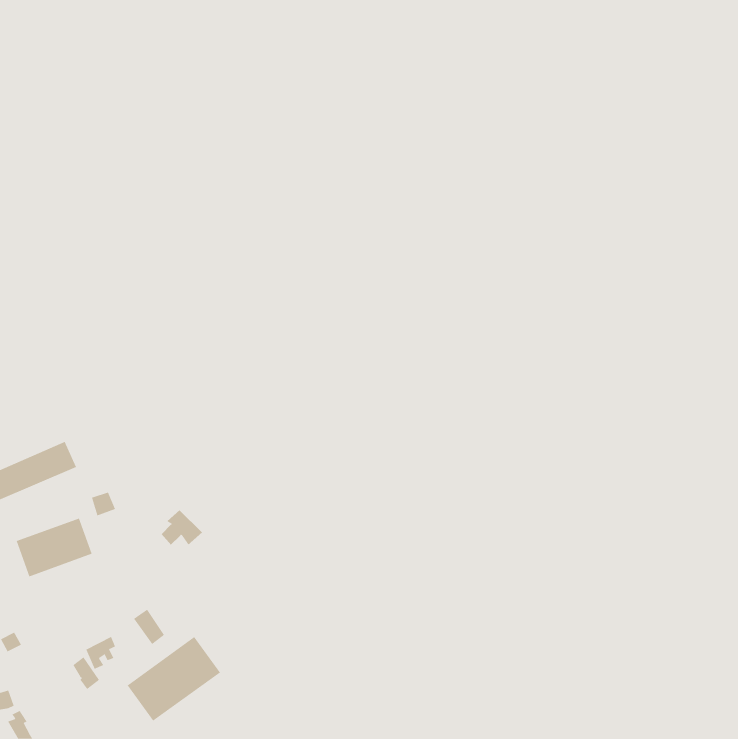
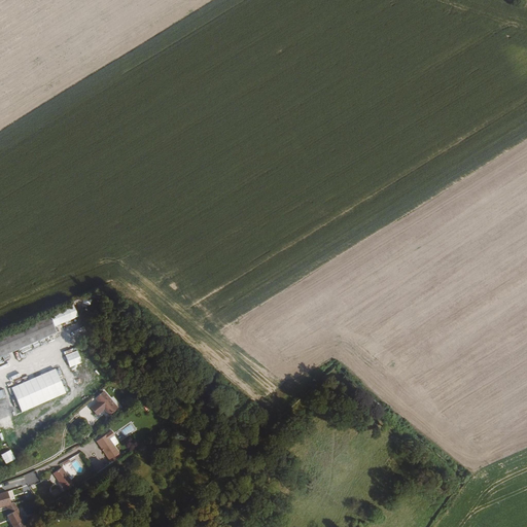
building: [161,509,203,546] -> [90,390,119,416]
building: [127,636,221,722] -> none

